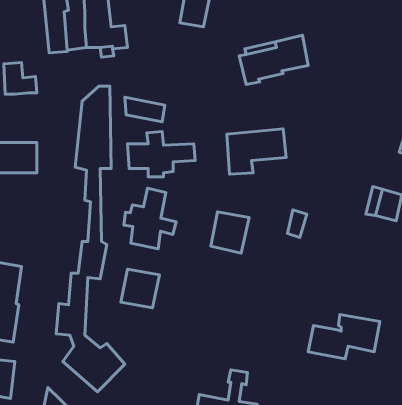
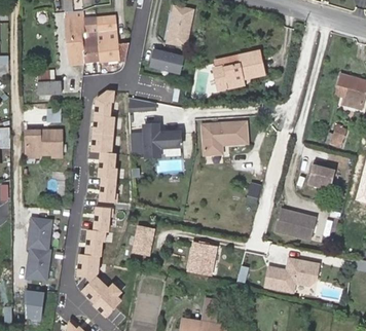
building: none -> [151,48,183,72]
building: [124,188,176,249] -> none
building: [211,212,249,253] -> [188,244,217,274]
building: none -> [276,214,316,243]

